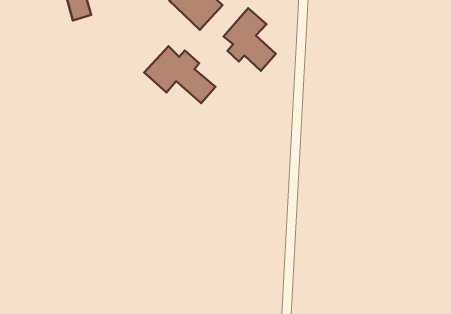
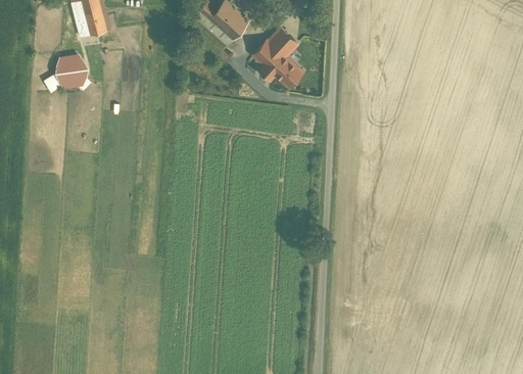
building: none -> [57,53,87,84]
building: [144,46,216,103] -> none

